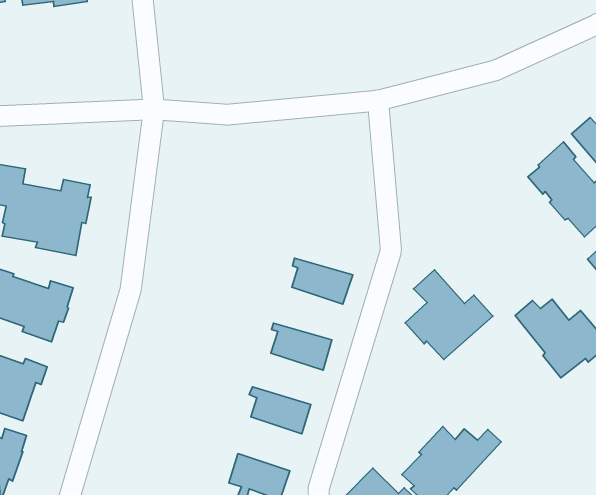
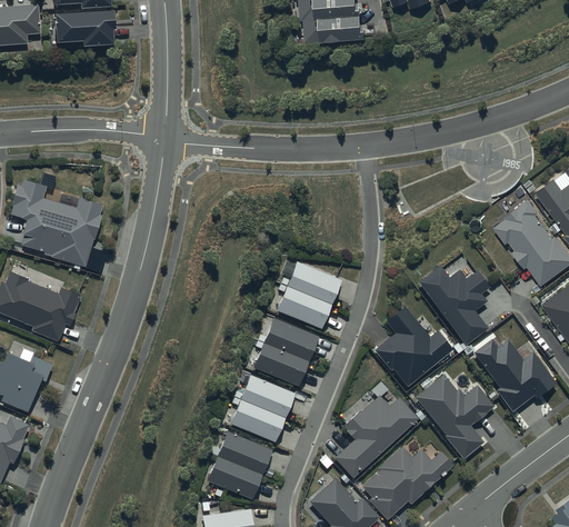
building: none -> [418,266,490,346]
building: none -> [280,261,341,304]
building: none -> [257,318,318,360]
building: none -> [416,375,495,459]
building: none -> [233,375,296,417]
building: none -> [333,397,418,478]
building: none -> [209,431,271,475]

